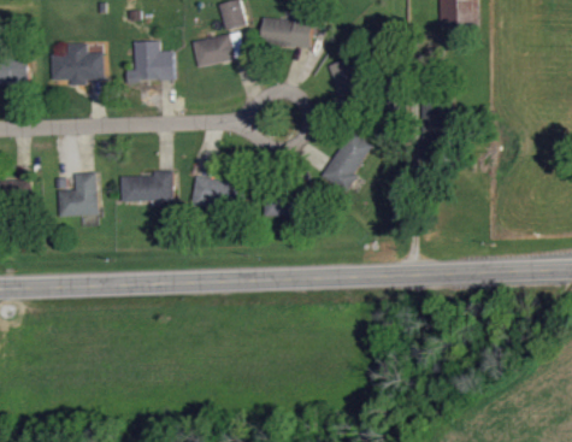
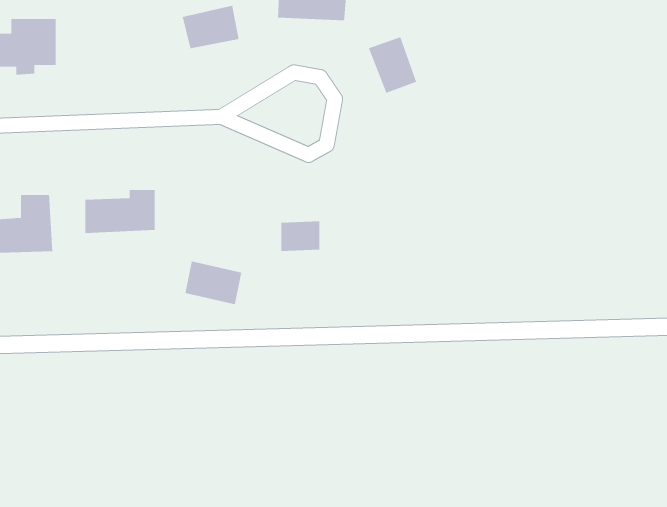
building: [134,42,173,81] -> none
building: [323,132,371,191] -> none
building: [190,177,232,210] -> [185,261,242,305]

